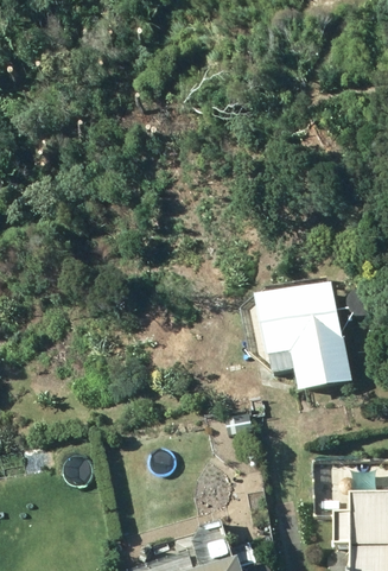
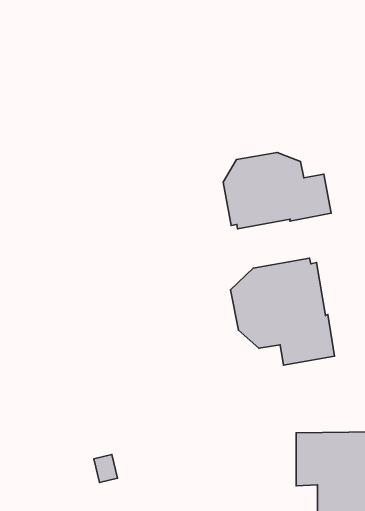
building: none -> [223,153,331,229]

